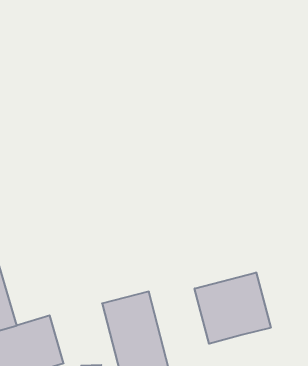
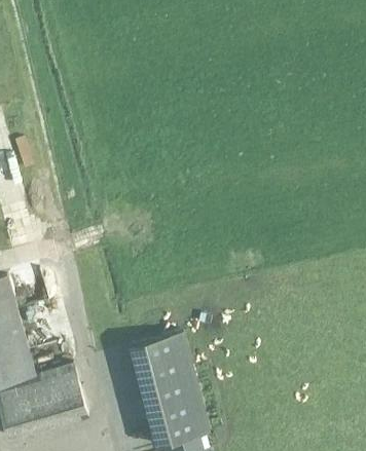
building: [195,272,271,344] -> none

